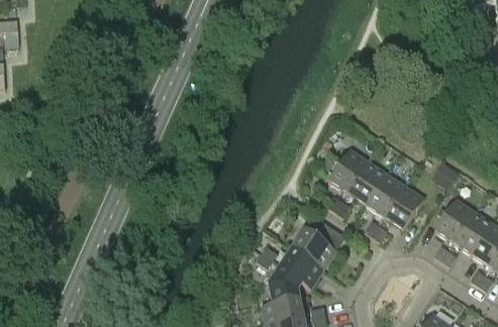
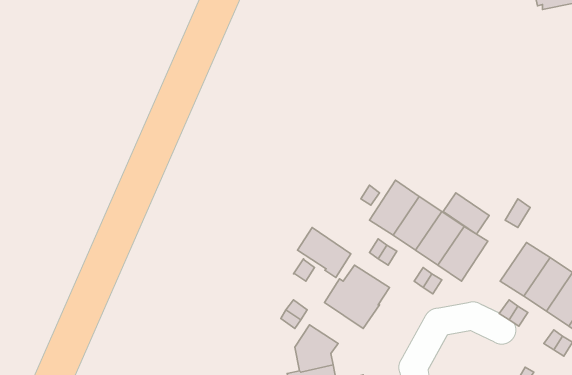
building: none -> [443,193,489,234]
building: [280,247,323,288] -> [297,228,351,277]

